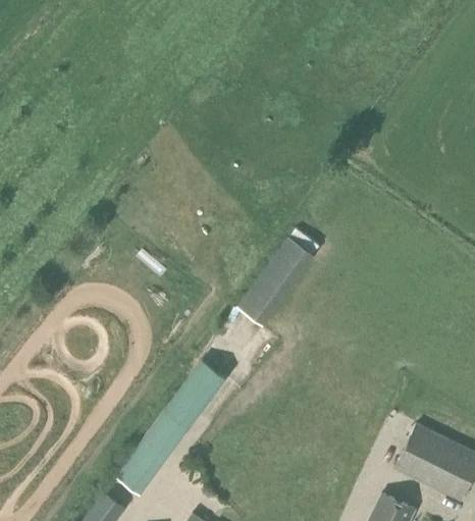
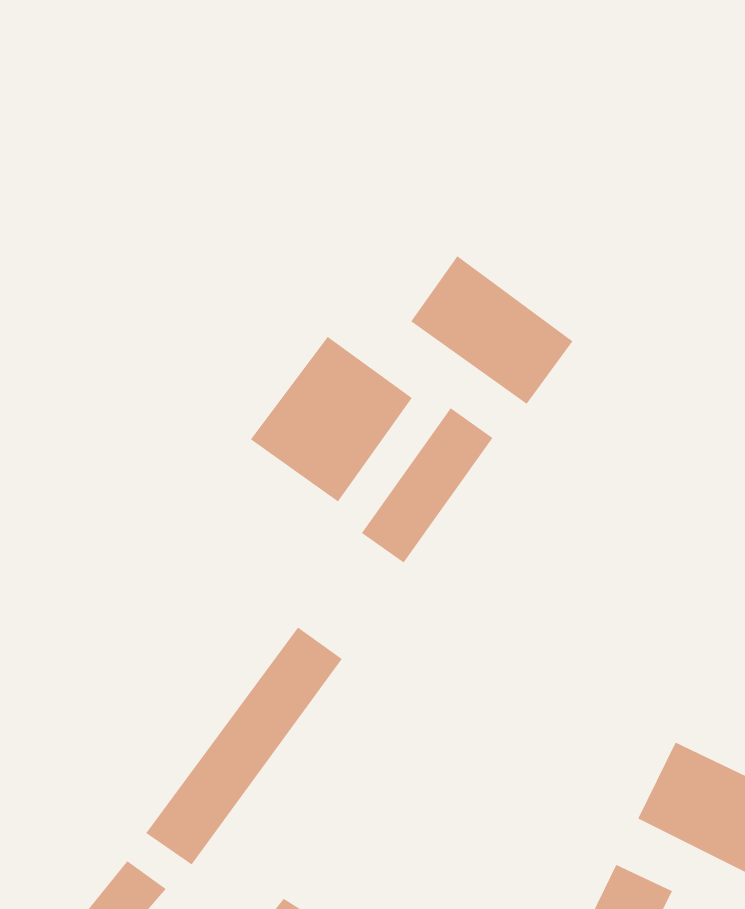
building: none -> [410,255,573,405]
building: none -> [250,336,413,502]

